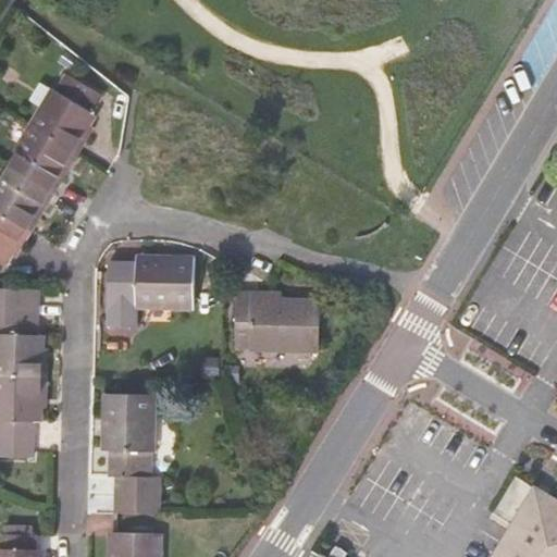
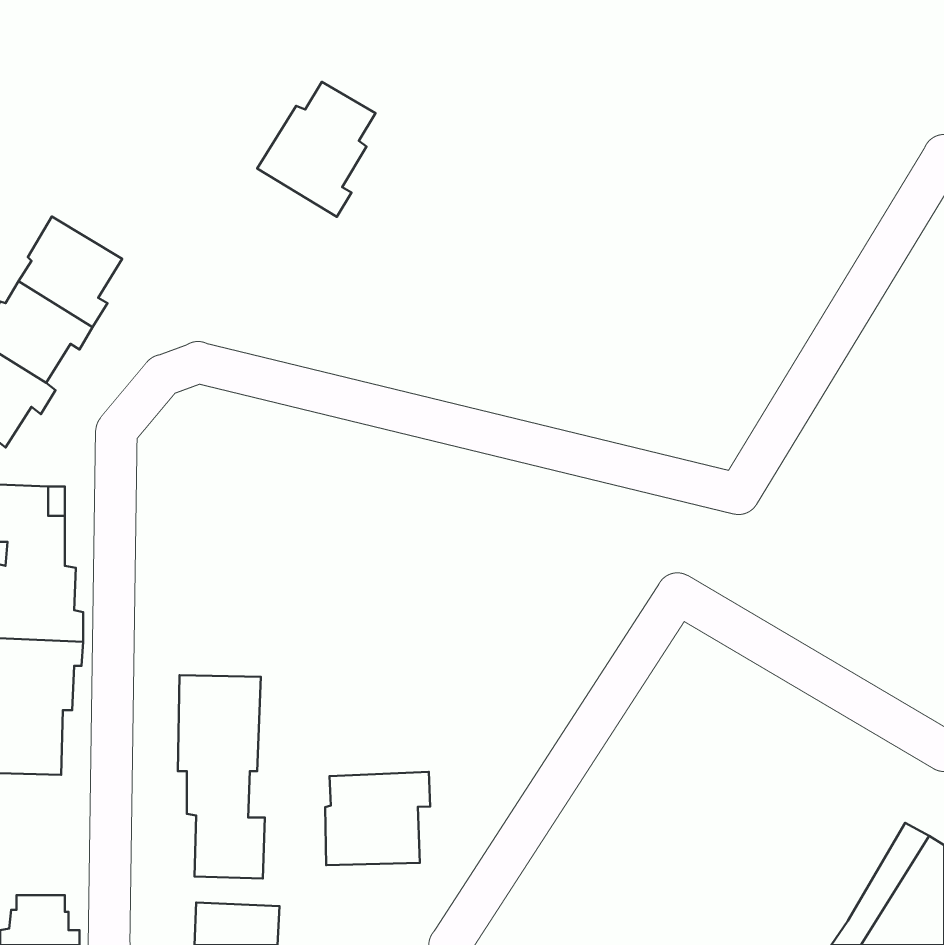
building: [30,76,100,156] -> [257,82,376,217]
building: [98,259,199,327] -> none
building: [236,293,318,350] -> none
building: none -> [325,772,430,865]

